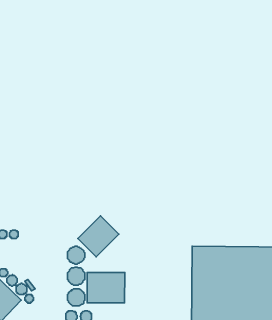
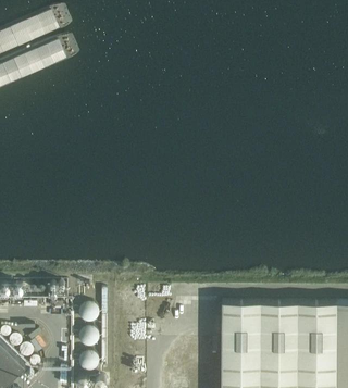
building: [78,216,119,257] -> none
building: [87,272,125,303] -> none

